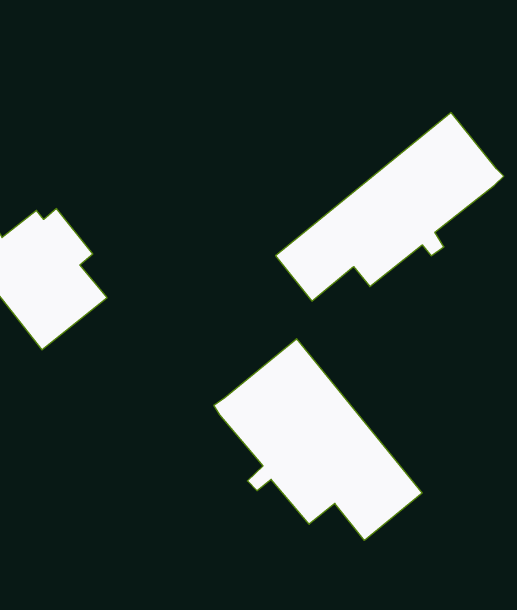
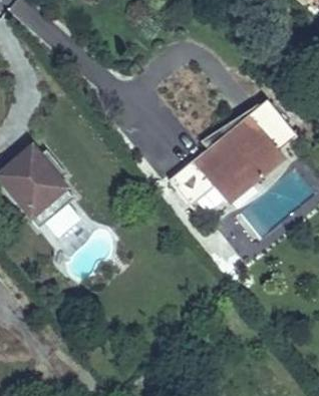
building: [214,339,422,540] -> none

